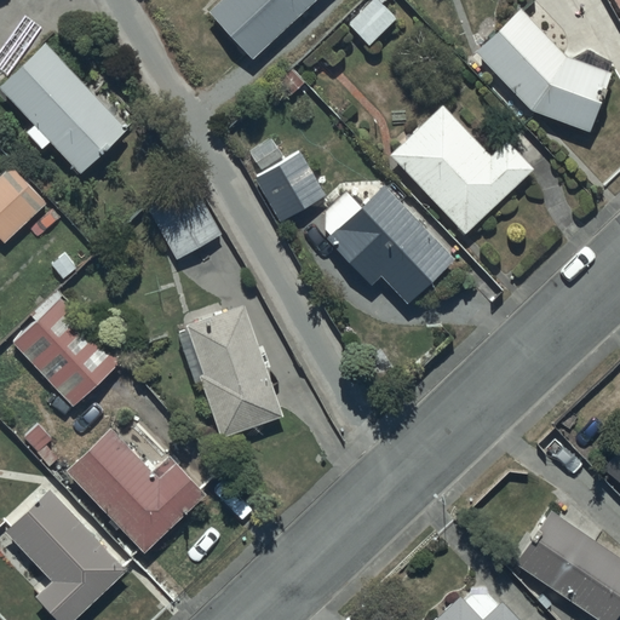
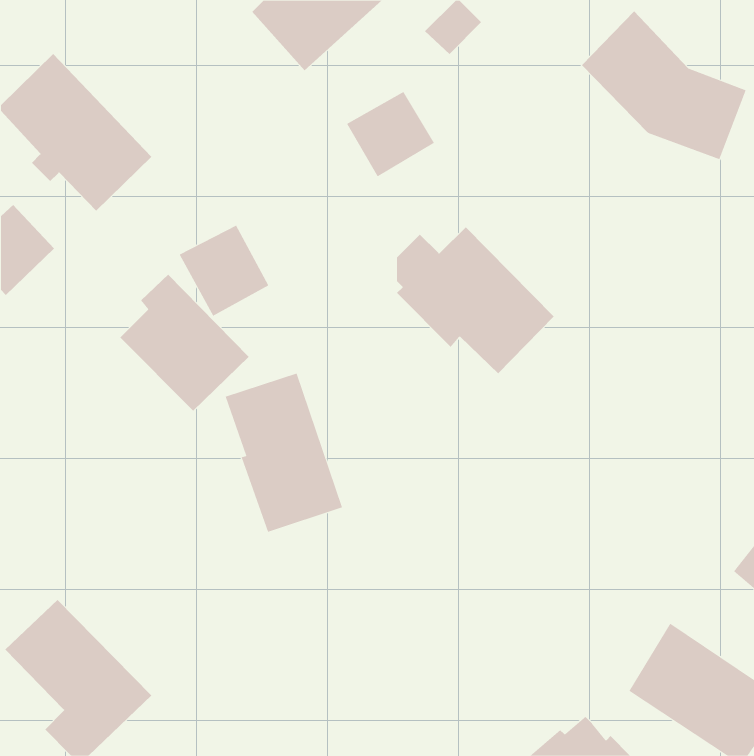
building: [390,107,533,234] -> none
building: [254,154,327,224] -> [346,91,435,177]
building: [13,294,120,407] -> [119,274,249,412]
building: [67,429,207,553] -> none

